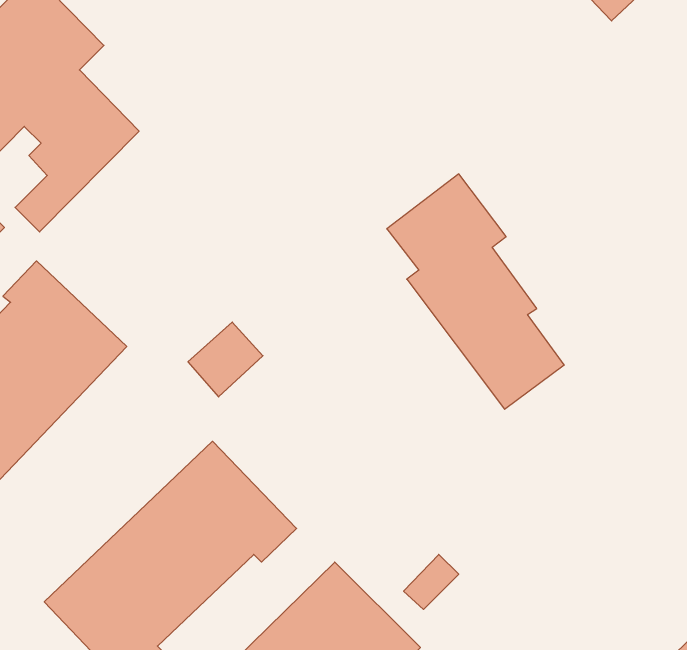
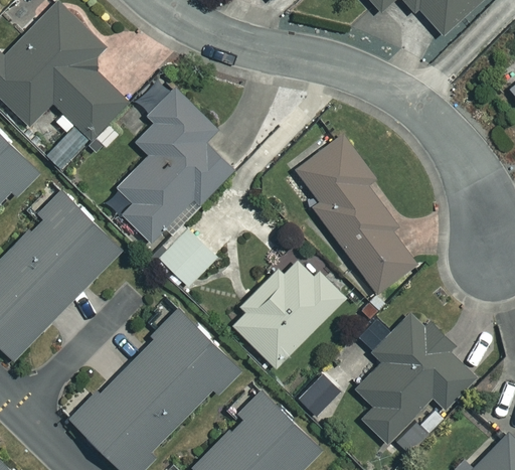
building: none -> [121,76,237,247]
building: none -> [225,252,337,363]
building: none -> [352,307,472,441]

